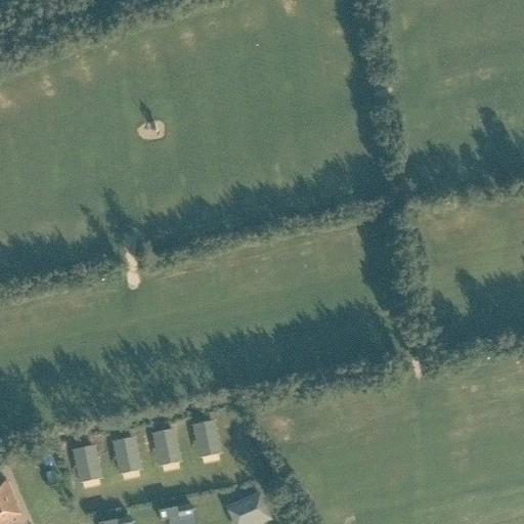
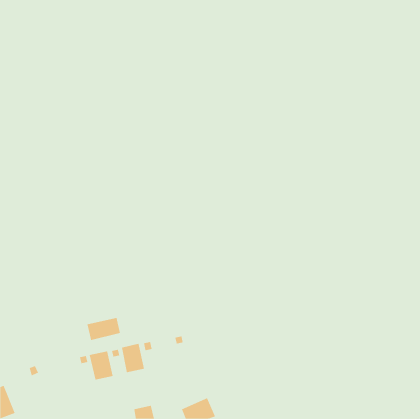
building: none -> [87,317,120,341]
building: [190,420,220,456] -> none
building: [71,444,100,481] -> none

